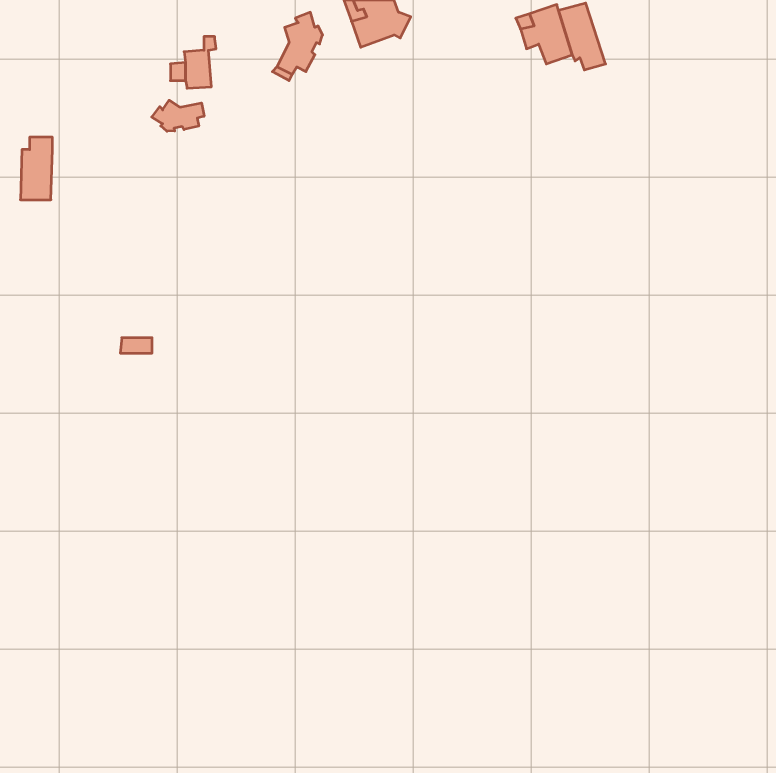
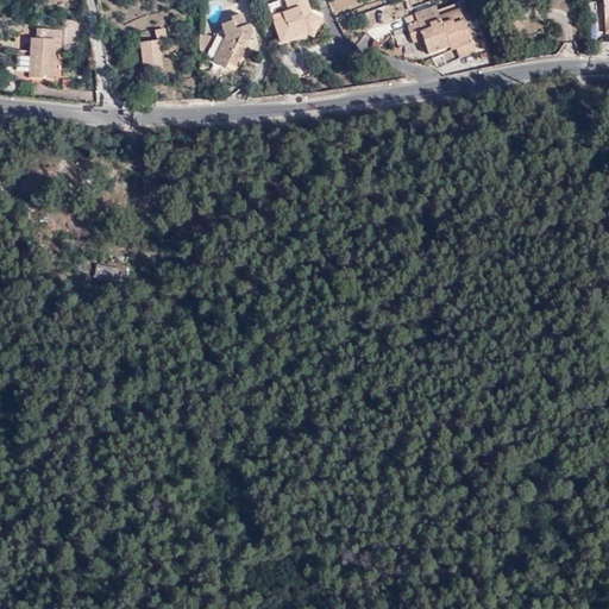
building: [152,100,204,131] -> none
building: [20,137,52,200] -> [31,33,56,82]

